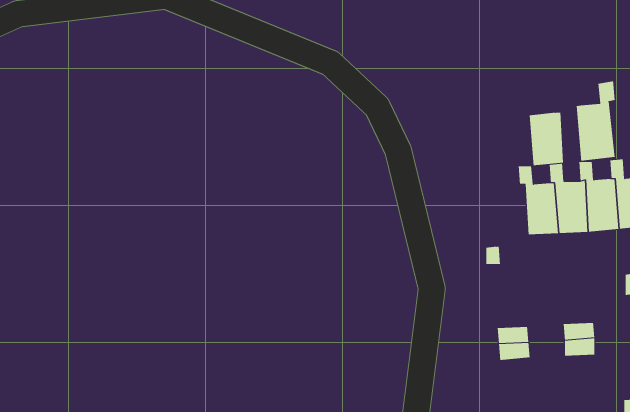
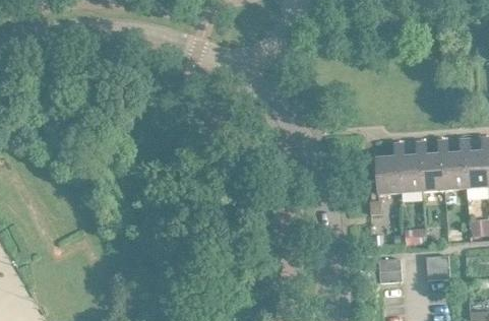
building: [576,80,615,162] -> none
building: [529,112,564,166] -> [376,155,402,194]

